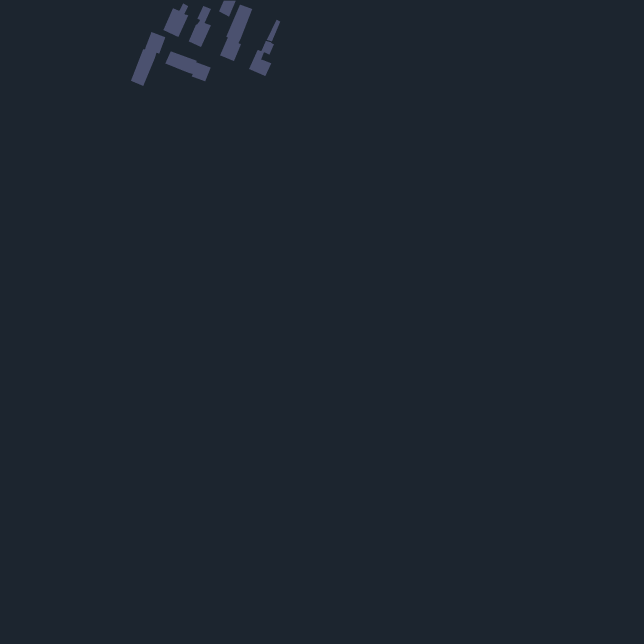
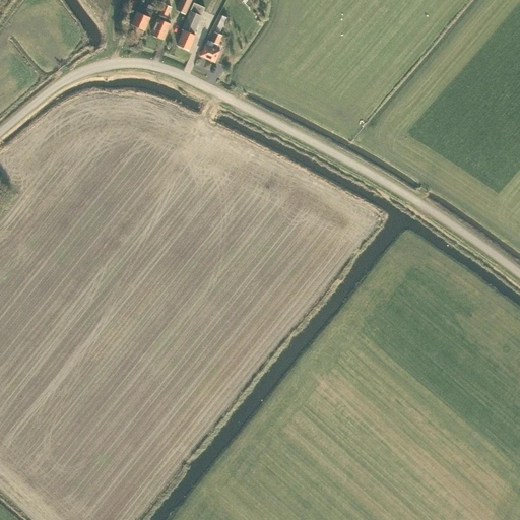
building: [130,31,166,87] -> none
building: [165,50,211,82] -> none

